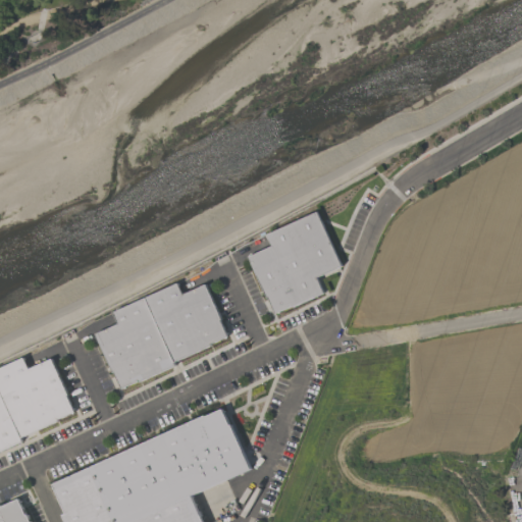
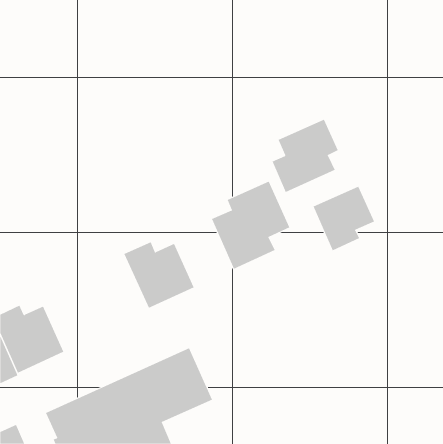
building: none -> [272,119,339,193]
building: none -> [313,186,375,251]
building: [95,298,175,390] -> none

